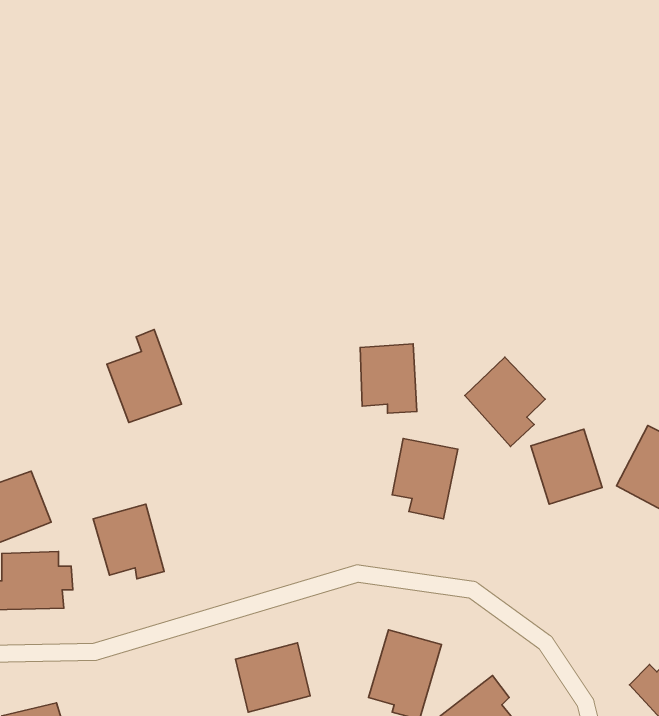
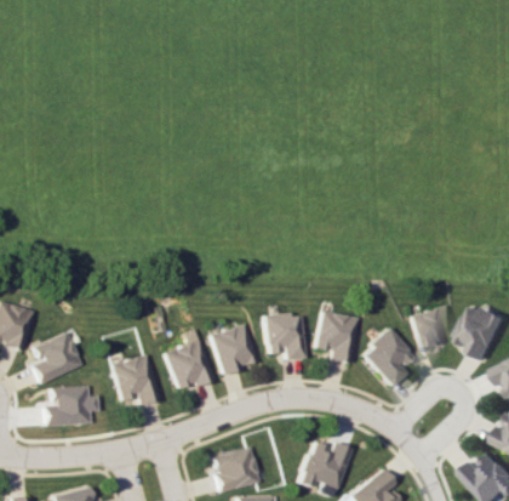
building: [107,329,182,423] -> [165,329,215,391]
building: [360,344,417,413] -> [264,313,302,359]
building: [465,357,545,446] -> [358,328,411,387]
building: none -> [210,323,258,374]

